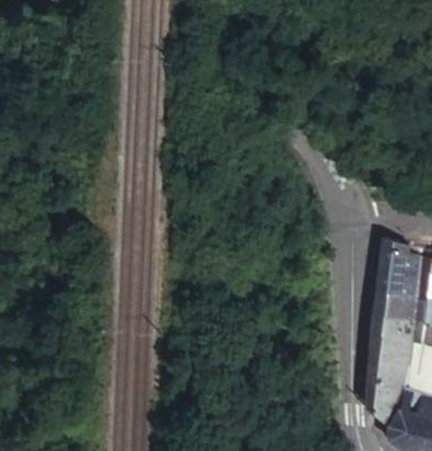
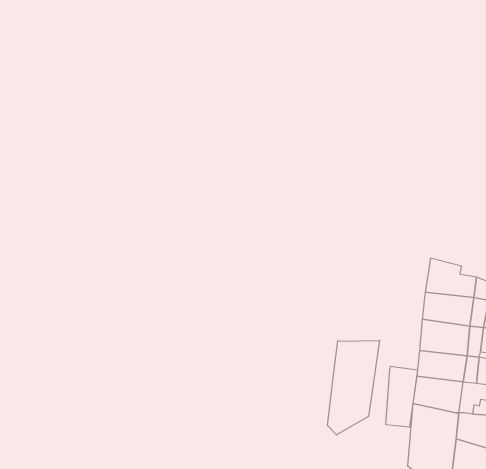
building: none -> [328,340,380,435]
building: none -> [386,366,417,427]

